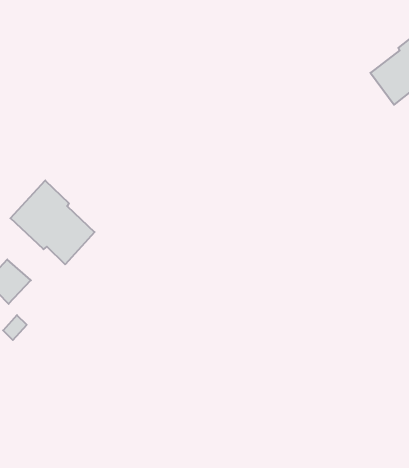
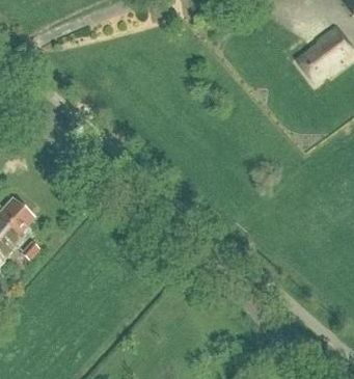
building: [10,180,95,264] -> none

